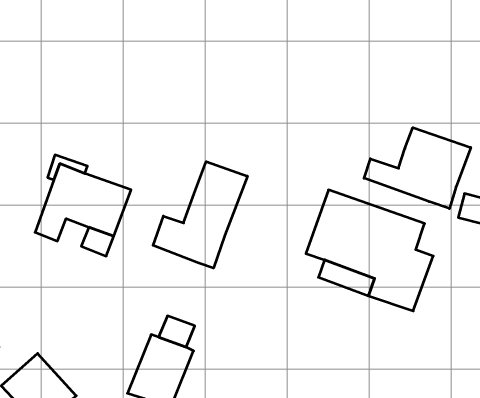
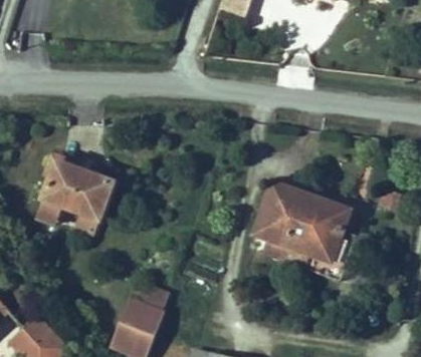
building: [364,128,471,209] -> none
building: [153,162,247,268] -> none

